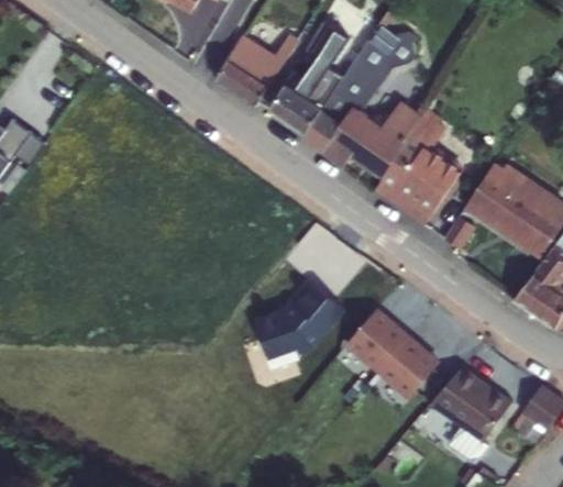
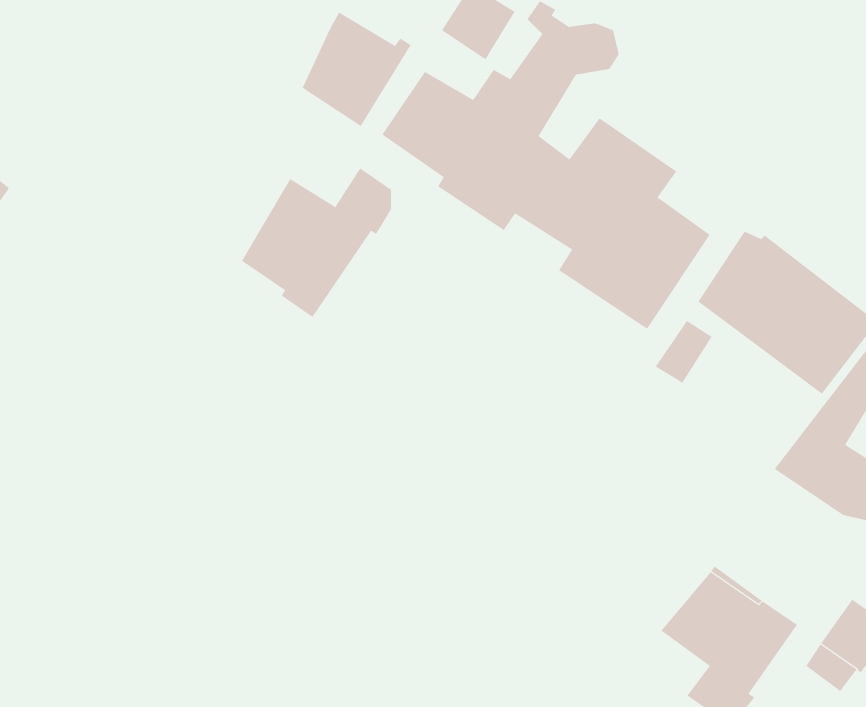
building: none -> [241,167,392,318]
building: [260,280,347,367] -> none
building: [351,310,443,394] -> none

